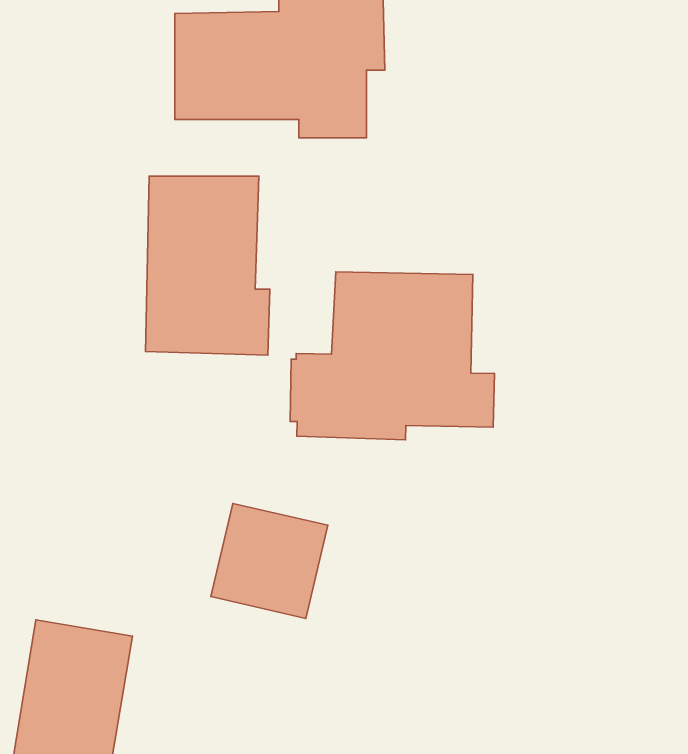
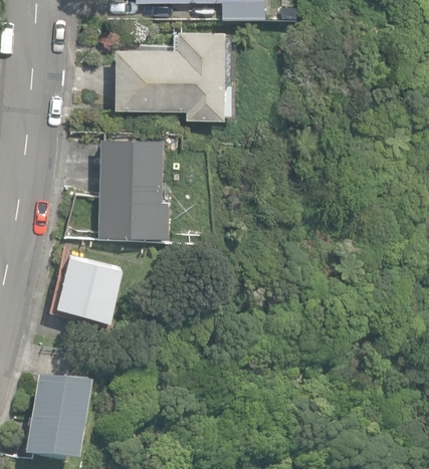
building: [290,272,494,440] -> none
building: [211,503,328,618] -> [56,256,121,319]

